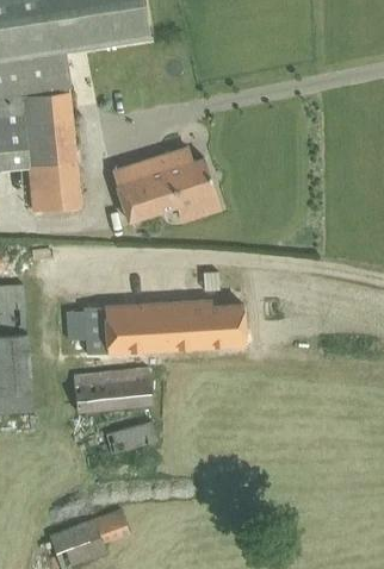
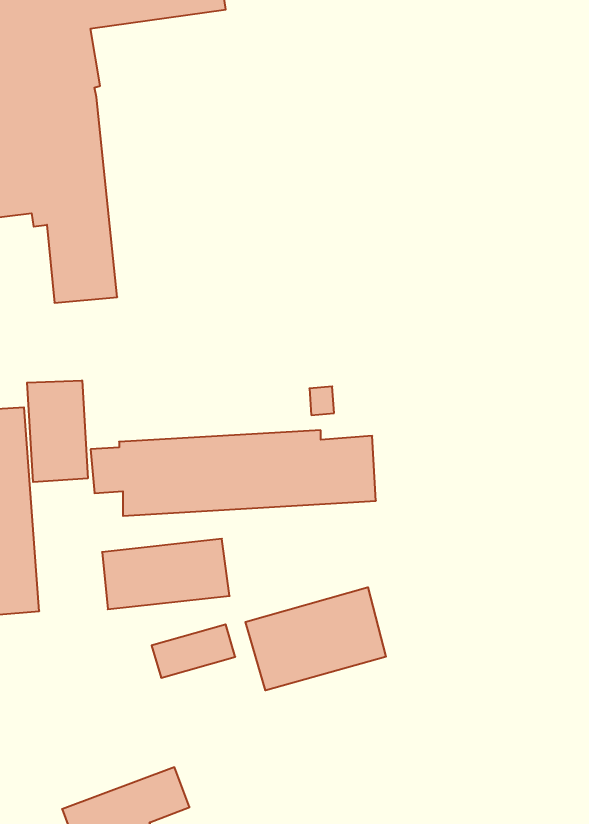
building: [112,149,221,220] -> none
building: none -> [27,380,88,482]
building: none -> [245,587,386,690]

